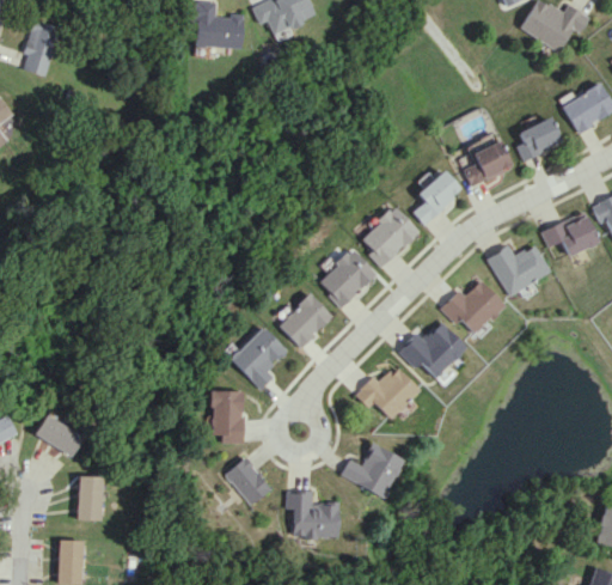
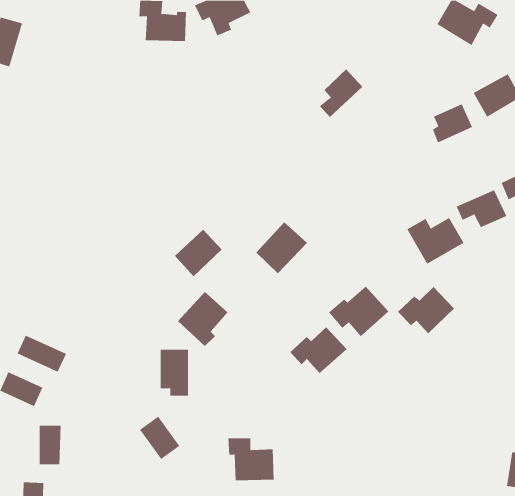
building: [460,141,510,187] -> none
building: [411,170,460,225] -> [319,69,363,118]
building: [360,206,417,267] -> none
building: [440,280,504,334] -> [397,286,455,334]
building: [279,294,332,348] -> [174,229,222,277]
building: none -> [17,335,67,373]
building: [341,444,402,496] -> none
building: [226,457,271,506] -> [139,416,180,460]

